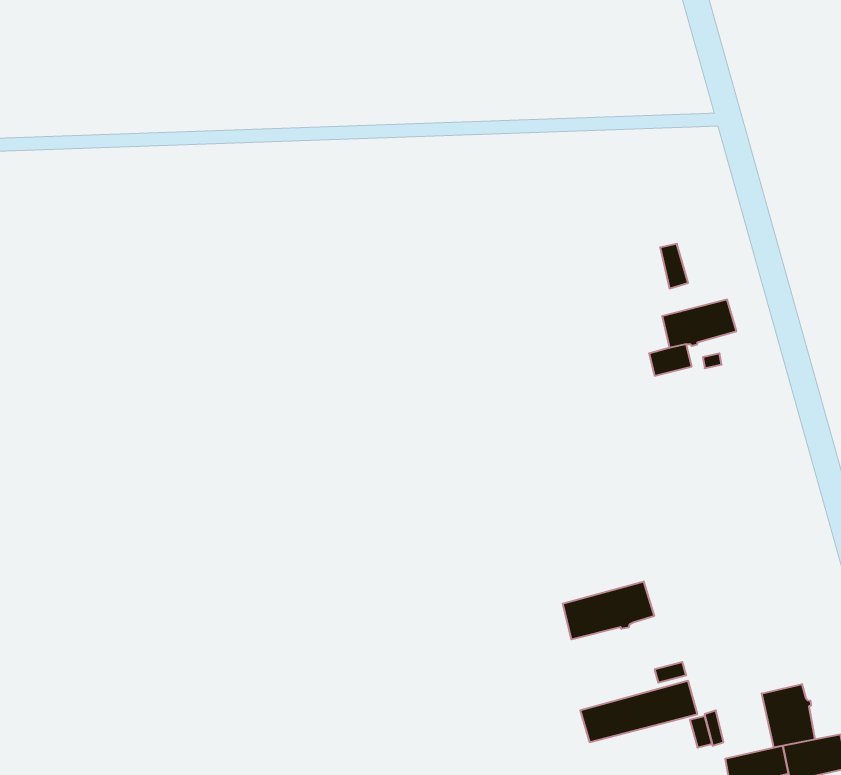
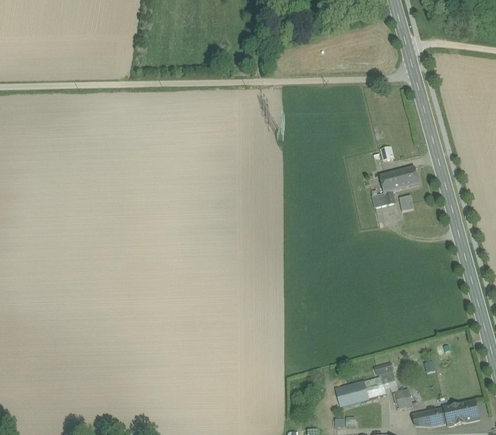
building: [563,581,654,639] -> none
building: [762,684,815,748] -> none

